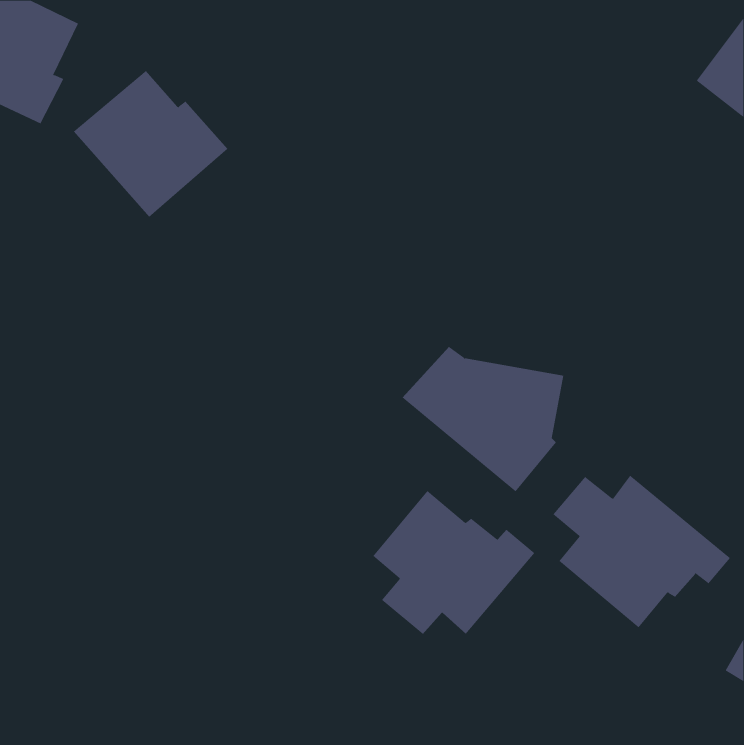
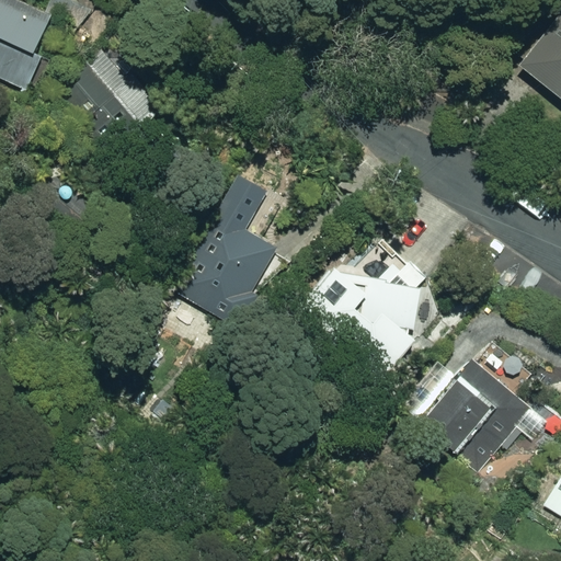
building: none -> [172,191,278,323]
building: [372,490,535,635] -> none

